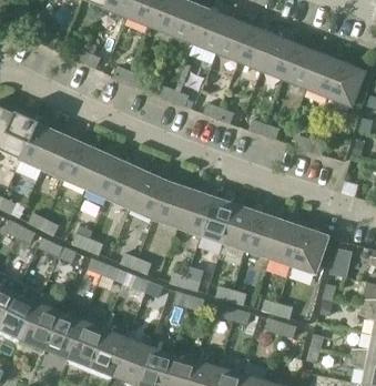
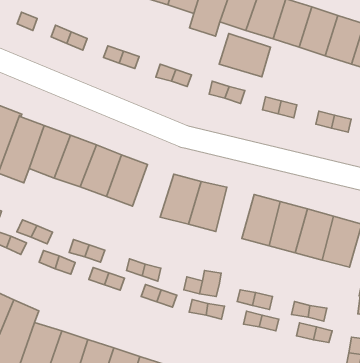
building: none -> [219,33,270,77]
building: [130,172,167,219] -> none
building: [201,196,236,242] -> none

